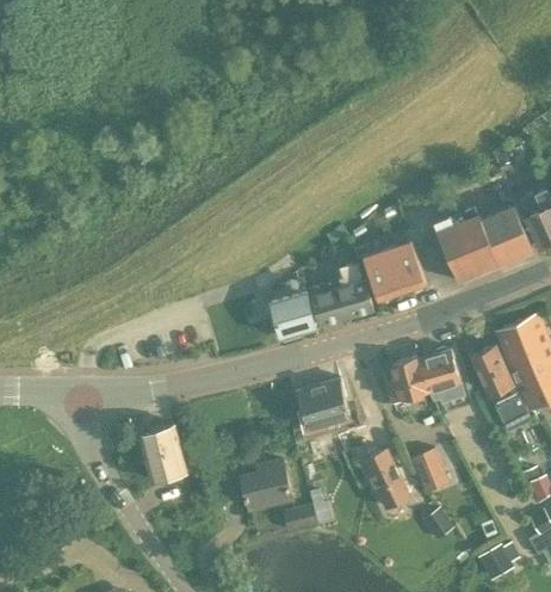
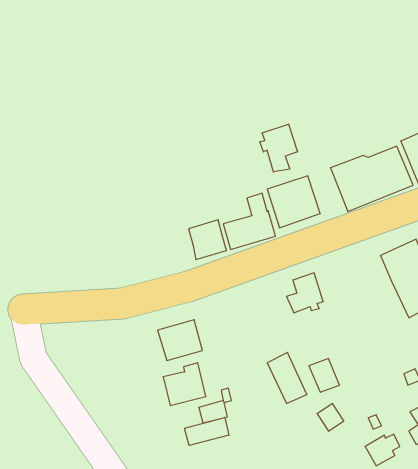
building: none -> [260,124,297,172]
building: [472,345,531,430] -> none
building: [417,346,465,400] -> none
building: [297,377,349,425] -> [158,320,202,361]
building: [140,424,187,480] -> none
building: none -> [184,417,229,445]

